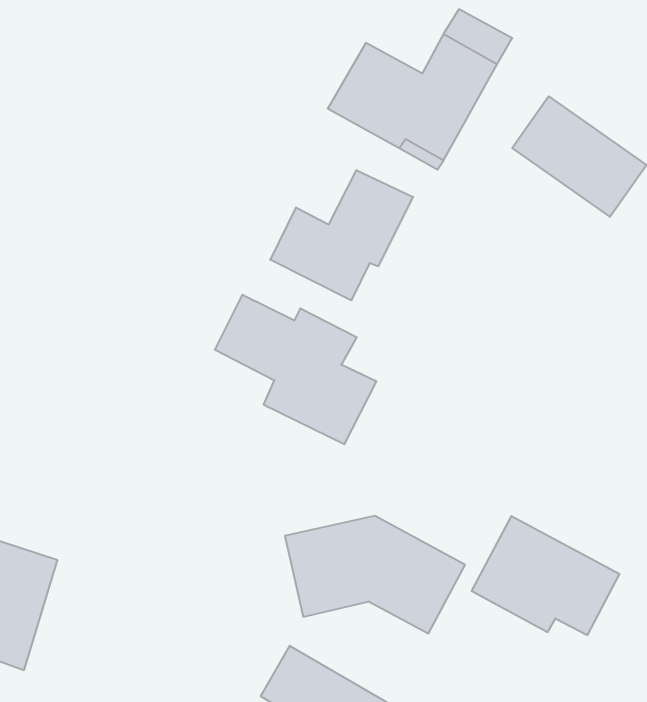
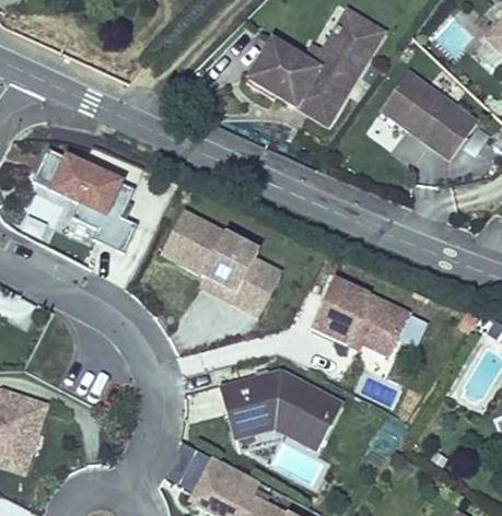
building: [270,170,413,300] -> none
building: none -> [32,146,137,251]
building: [472,516,620,635] -> [310,278,416,363]

